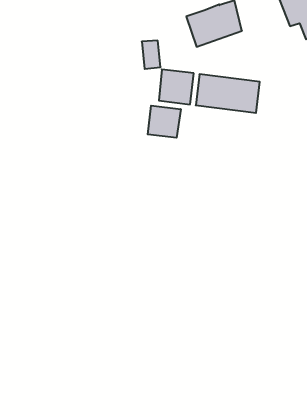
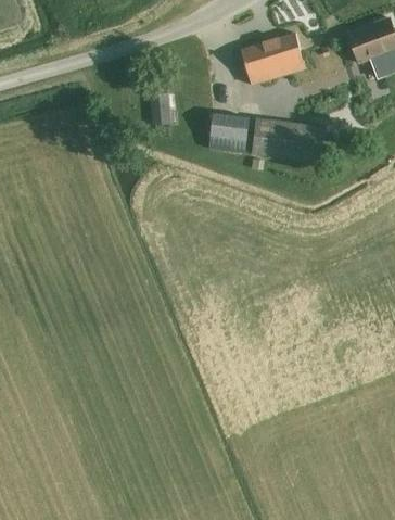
building: [142,41,161,69] -> [149,92,170,125]
building: [148,106,181,138] -> none

